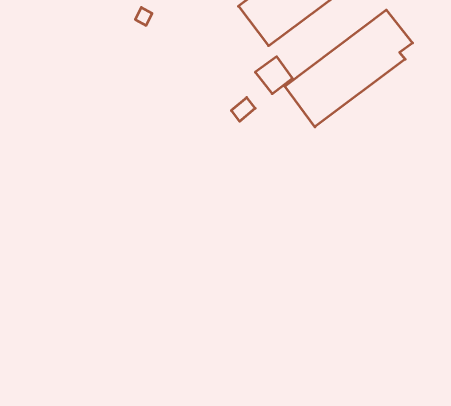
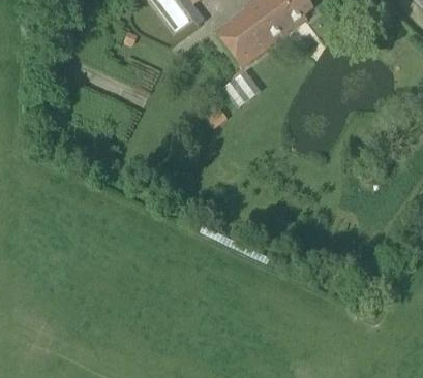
building: [285,10,413,127] -> none

